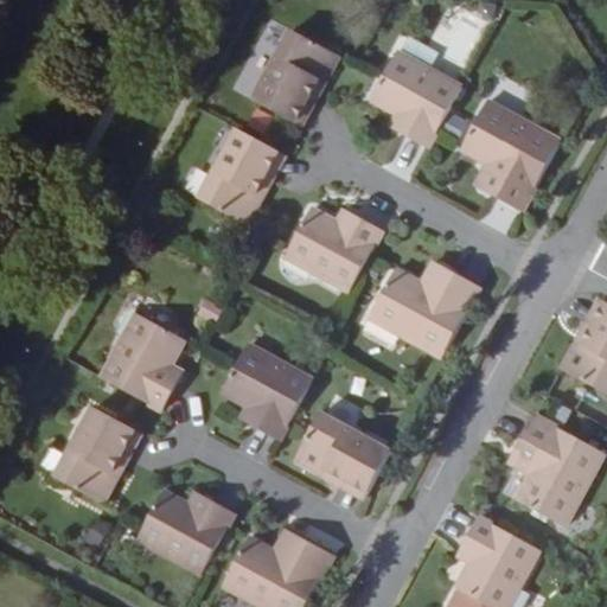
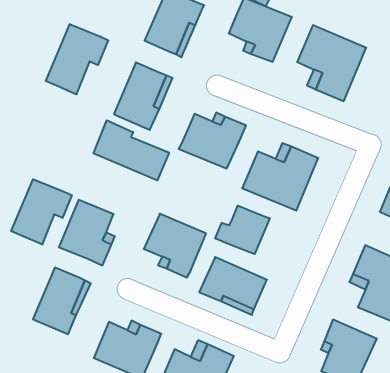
building: none -> [46,24,108,94]
building: none -> [94,120,169,180]
building: none -> [11,179,72,245]
building: none -> [215,206,270,254]

